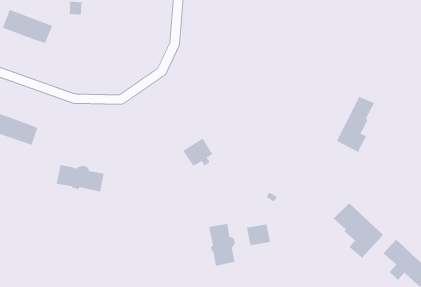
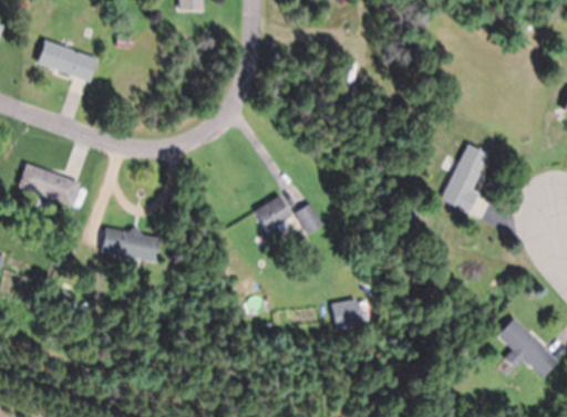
building: none -> [296,204,324,234]
building: [333,202,384,259] -> none
building: [208,223,236,266] -> none

